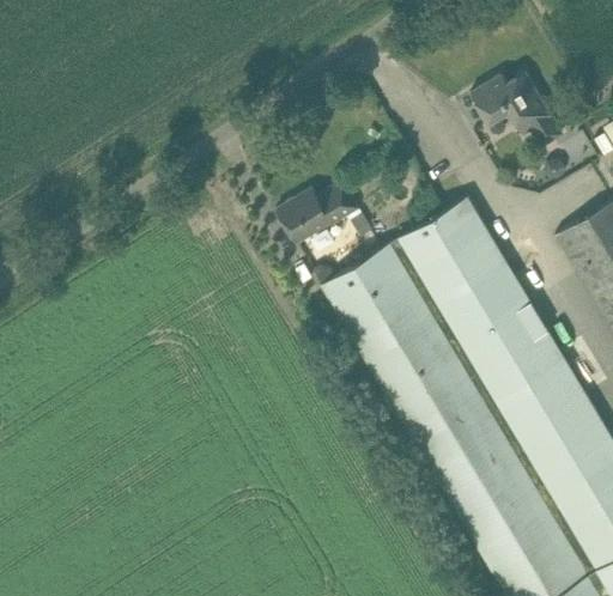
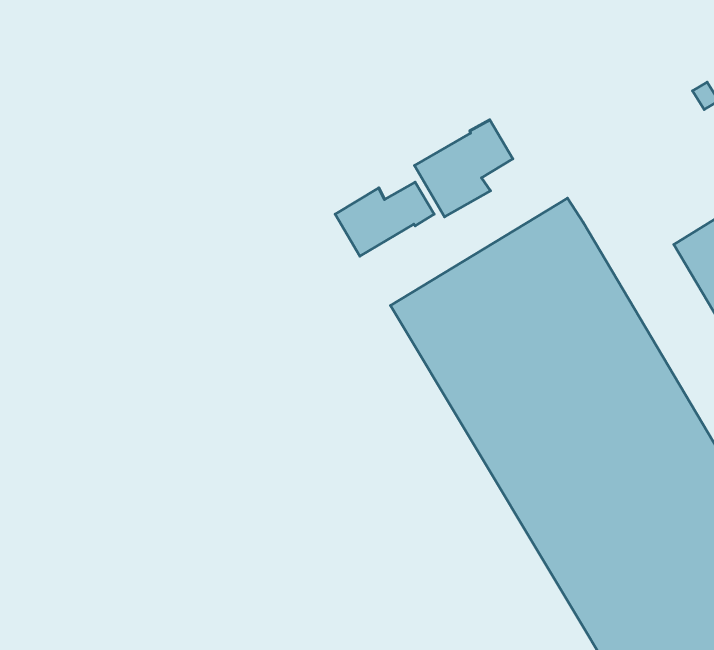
building: [471,73,563,150] -> none
building: none -> [414,120,513,217]

